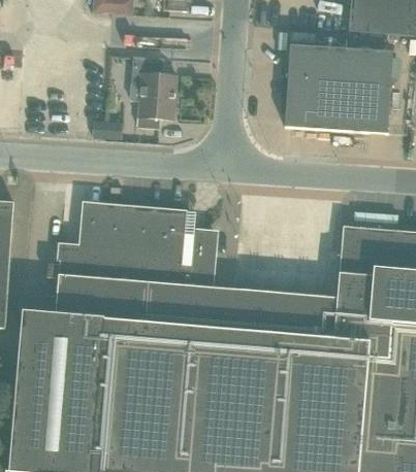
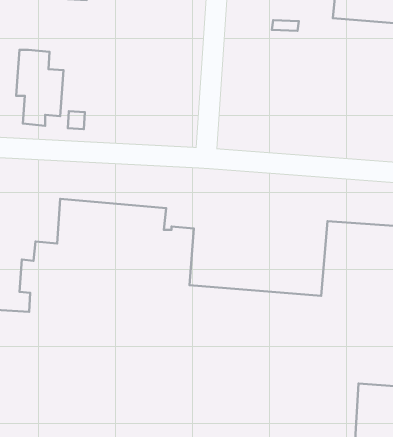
building: [281,44,392,133] -> none
building: [131,56,177,129] -> [16,50,63,126]

